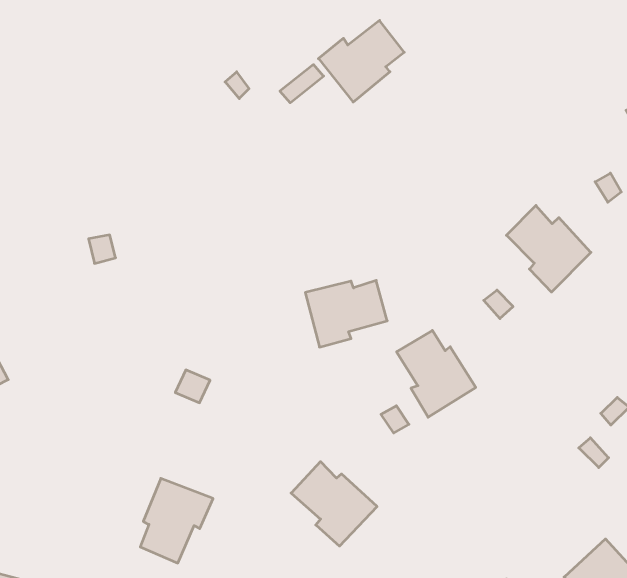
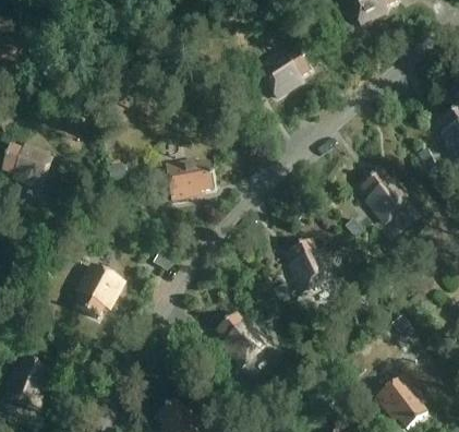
building: [305,280,387,347] -> [166,161,214,200]
building: [140,478,213,563] -> [75,266,122,319]

